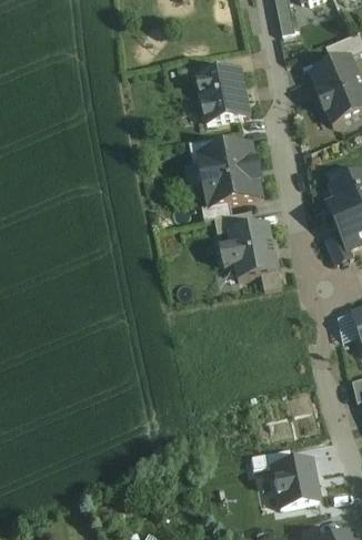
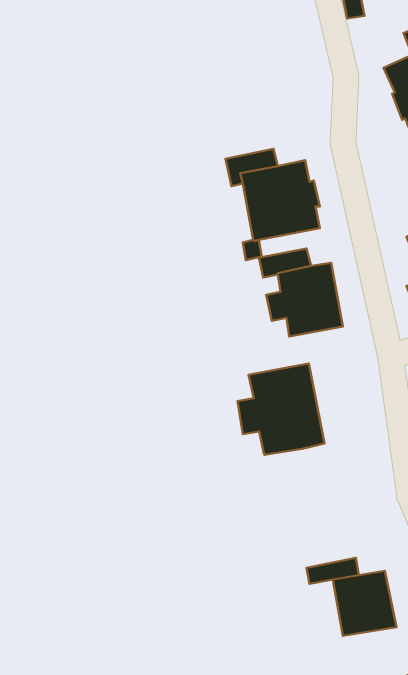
building: [197,68,248,121] -> none
building: none -> [238,363,324,455]

